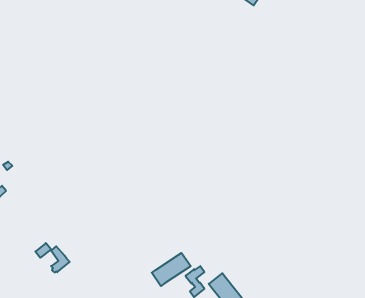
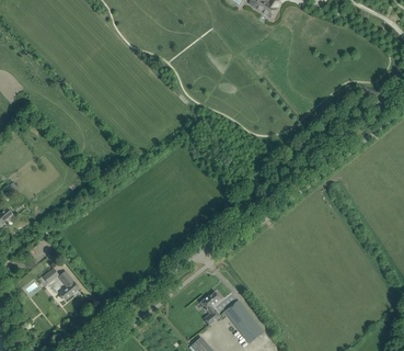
building: [152,253,191,286] -> none

